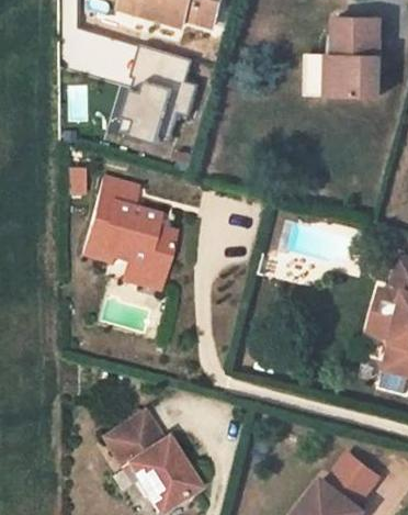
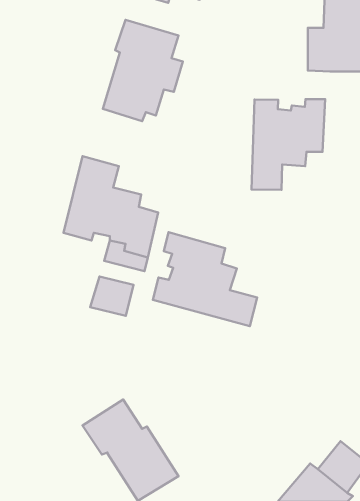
building: none -> [252,99,325,190]
building: none -> [153,232,257,326]
building: none -> [90,276,133,316]

